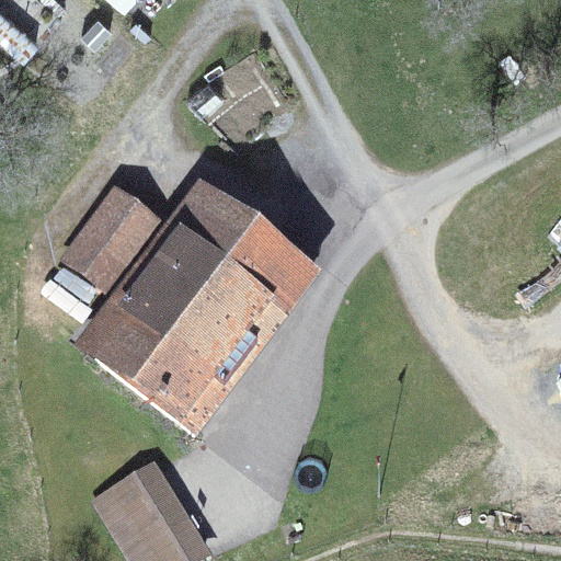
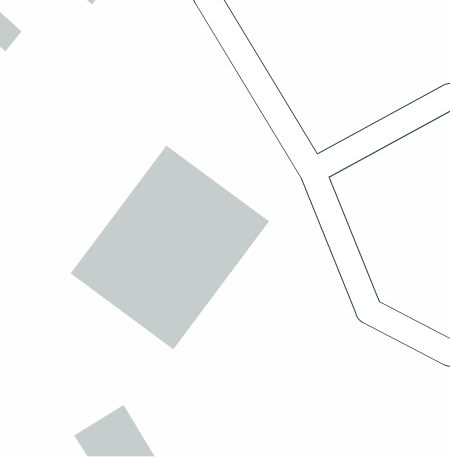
building: [46,186,140,289] -> none

